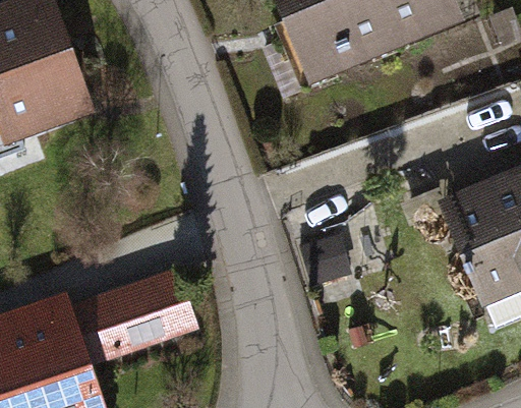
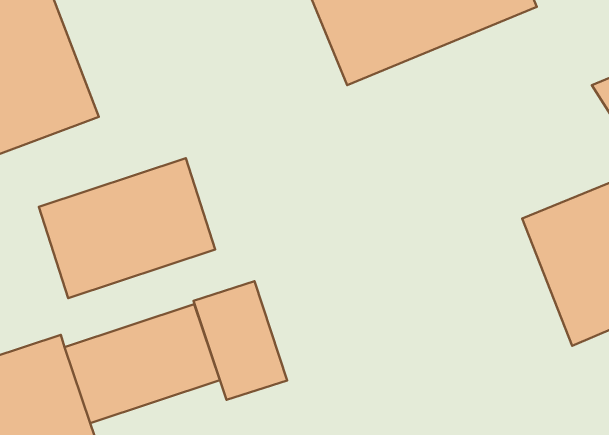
building: none -> [39,158,215,298]
building: none -> [194,281,287,400]

